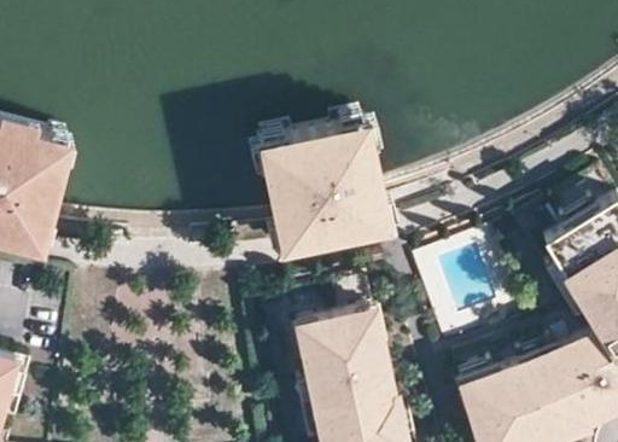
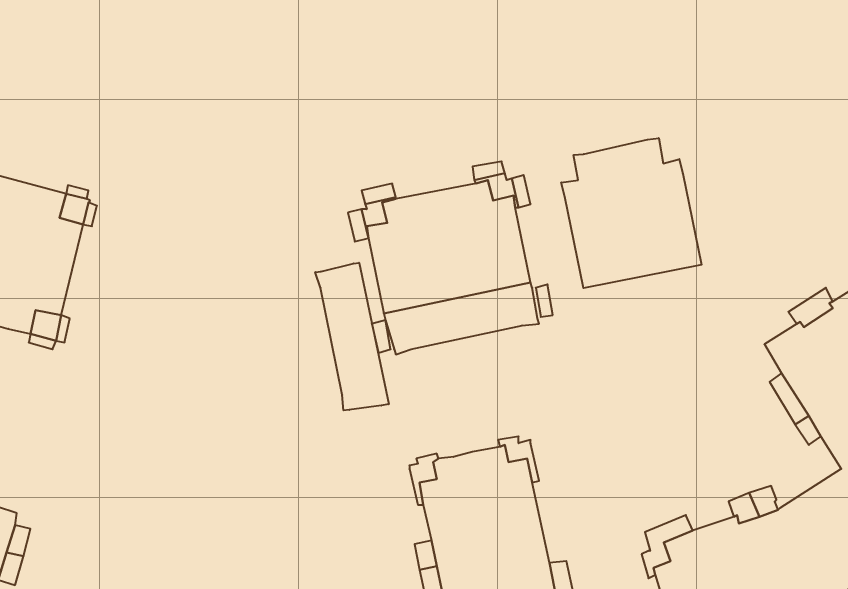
building: none -> [561,138,702,288]
building: none -> [315,263,389,410]

